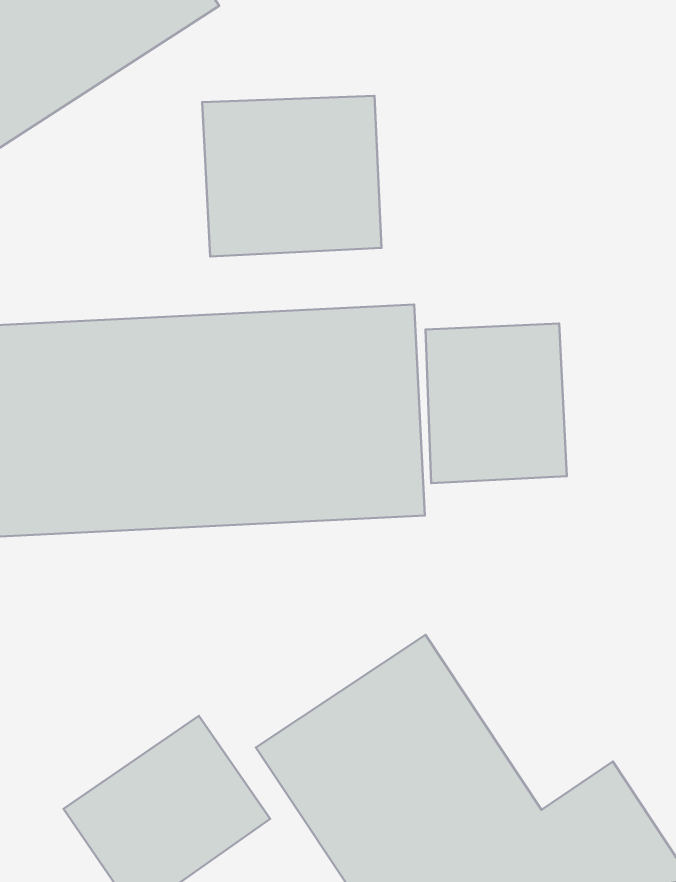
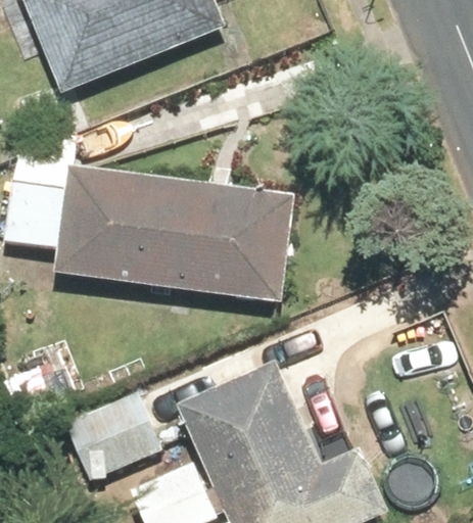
building: [202,96,381,256] -> none
building: [425,323,567,483] -> none

